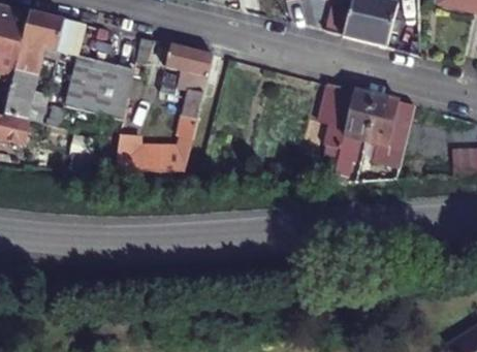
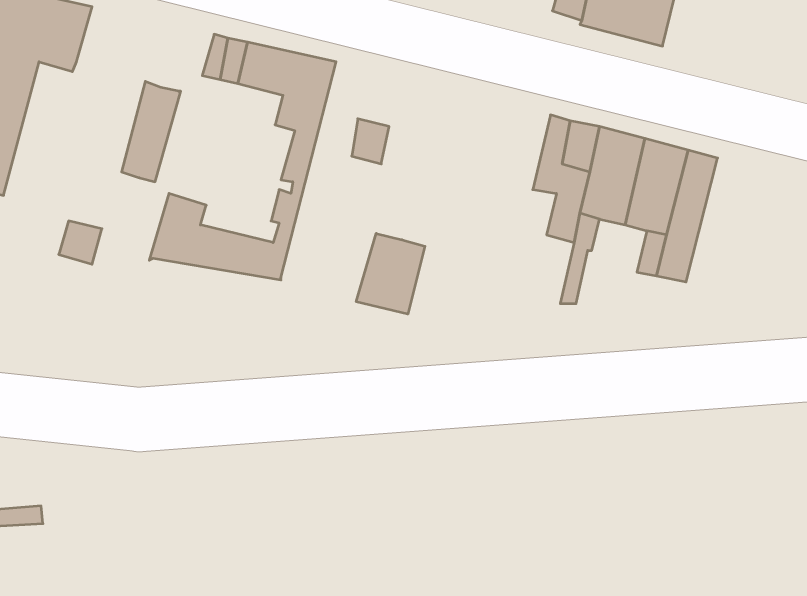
building: [65,55,115,113] -> none
building: none -> [356,233,425,314]

